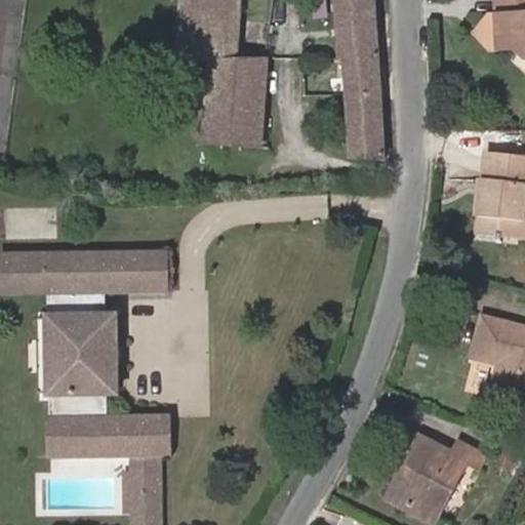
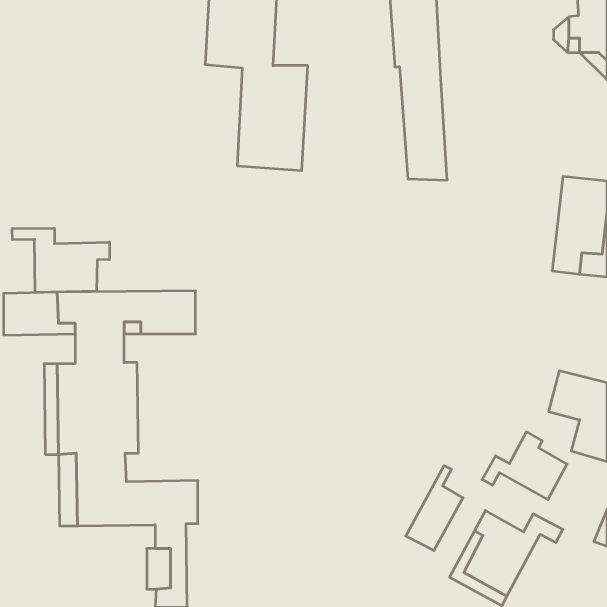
building: none -> [12,228,109,293]
building: none -> [482,432,567,500]
building: none -> [406,466,463,551]

